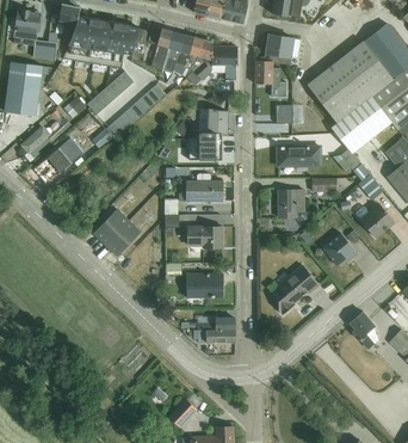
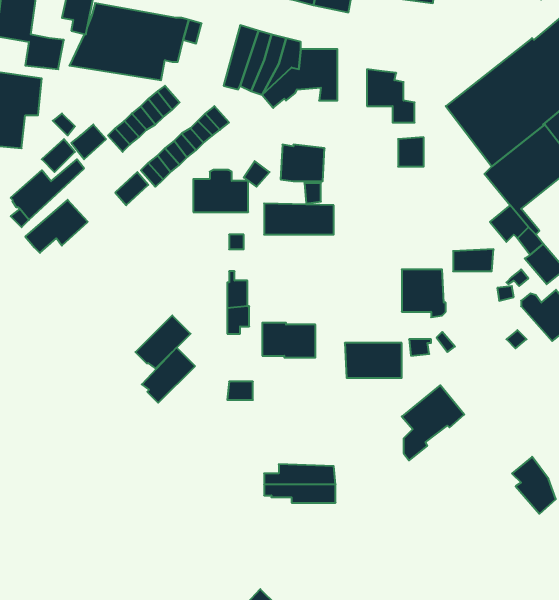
building: [148,25,173,70] -> none
building: [265,33,301,64] -> none
building: [277,146,322,166] -> none
building: [186,173,222,201] -> [193,170,248,212]
building: [94,208,129,244] -> [142,348,195,403]
building: [322,232,357,265] -> none
building: [186,273,223,296] -> [345,343,402,378]

